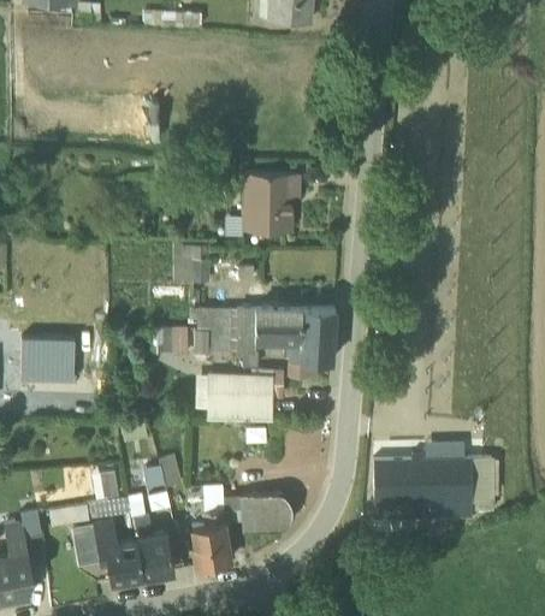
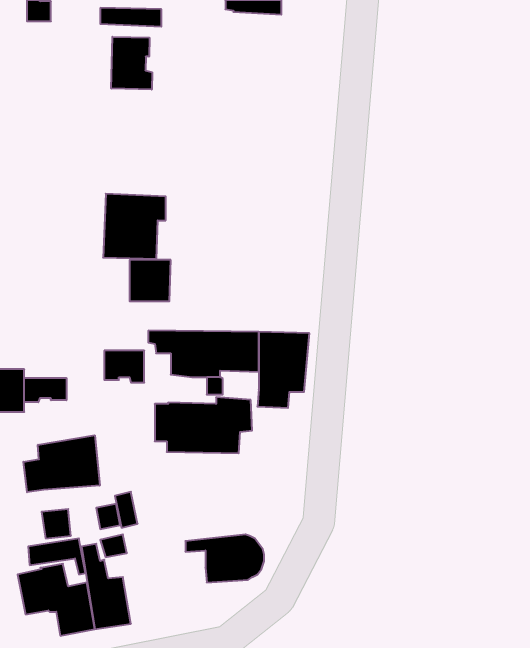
building: none -> [111,37,152,90]
building: [243,172,300,231] -> [103,194,166,259]
building: none -> [24,378,66,402]
building: none -> [23,435,100,492]
building: [374,454,499,521] -> none
building: [190,507,242,570] -> none

